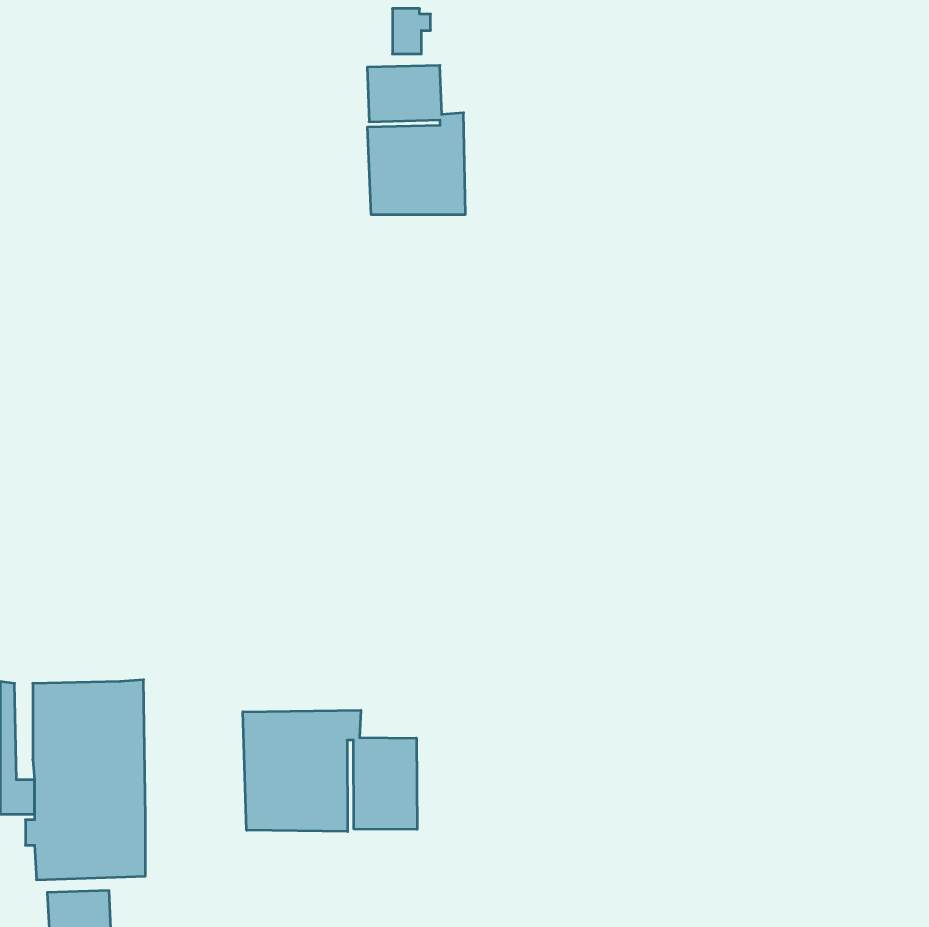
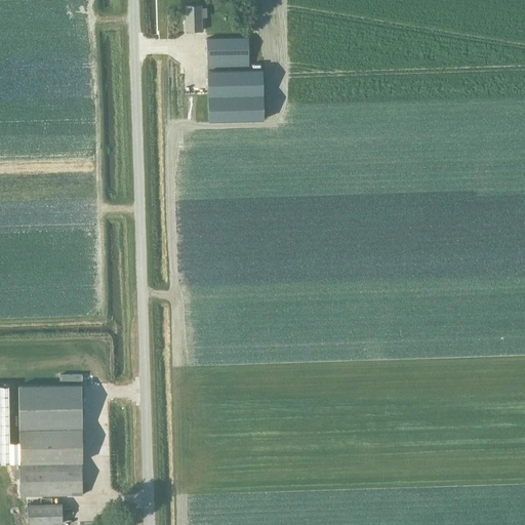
building: [392,9,431,54] -> [186,6,207,32]
building: [243,710,417,832] -> none

